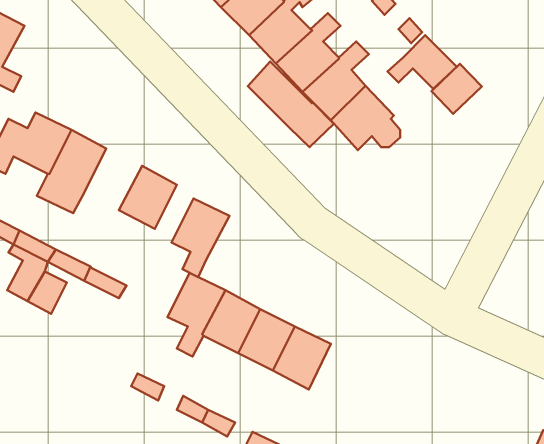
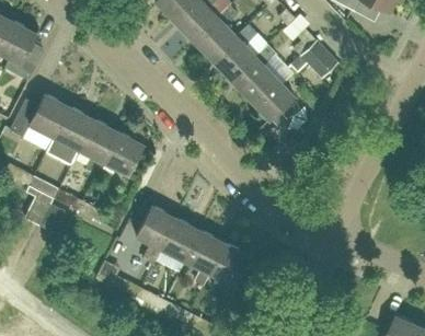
building: [248,61,334,147] -> none
building: [431,64,482,114] -> none
building: [171,198,230,277] -> [78,119,118,174]

